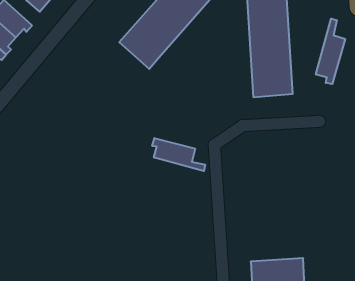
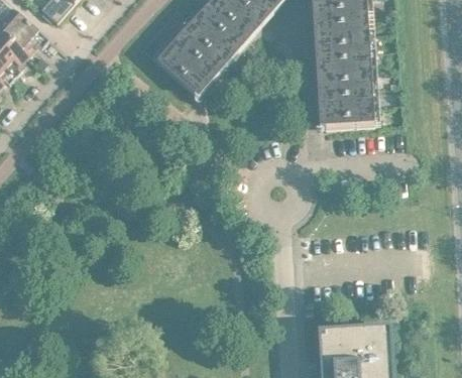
building: [316,19,345,84] -> none
building: [152,138,205,171] -> none

